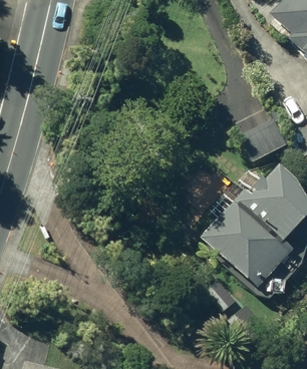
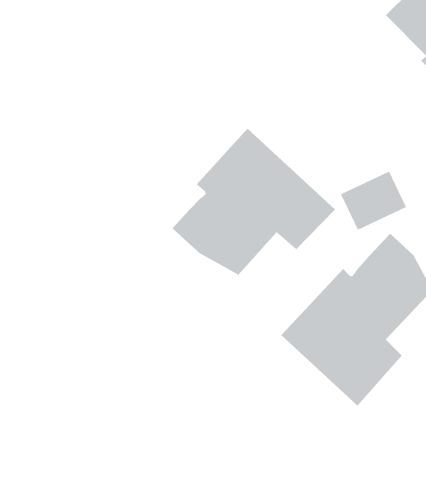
building: none -> [172,128,336,275]

